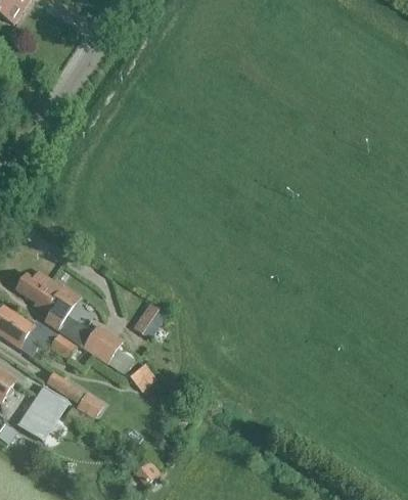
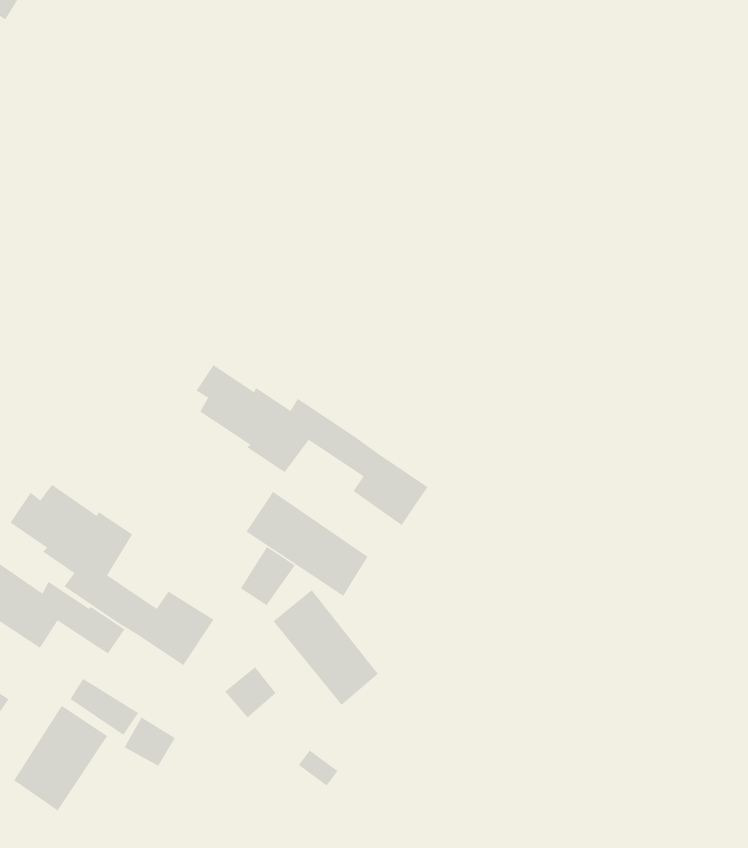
building: none -> [196,364,429,526]
building: none -> [246,491,369,597]
building: none -> [273,589,379,706]

